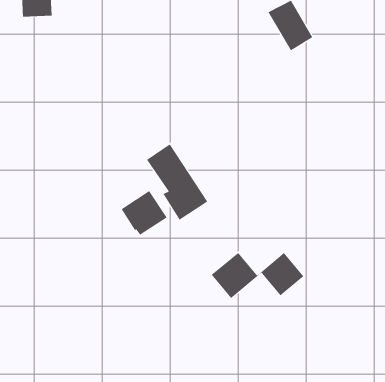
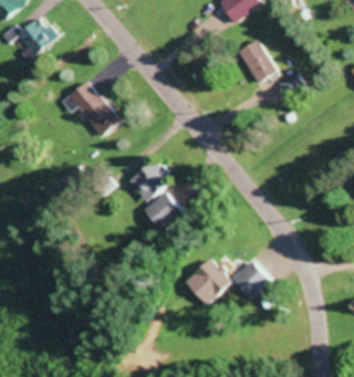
building: none -> [61,80,121,136]
building: [121,190,167,236] -> none

